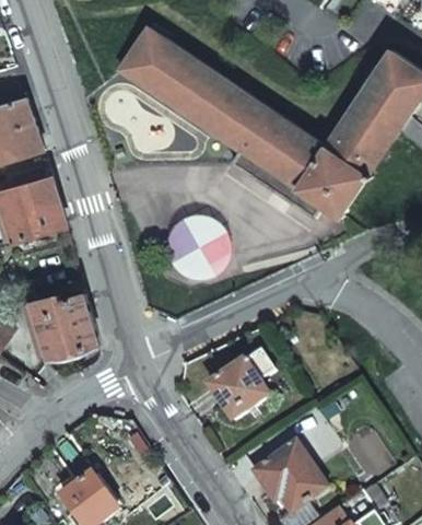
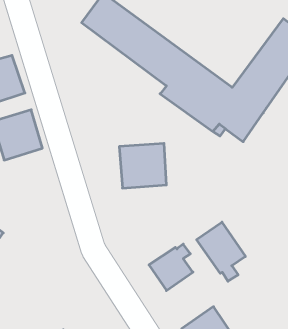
building: [30,280,96,359] -> none
building: none -> [197,222,245,281]

